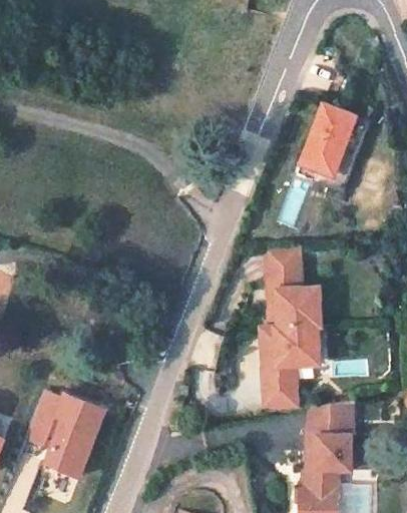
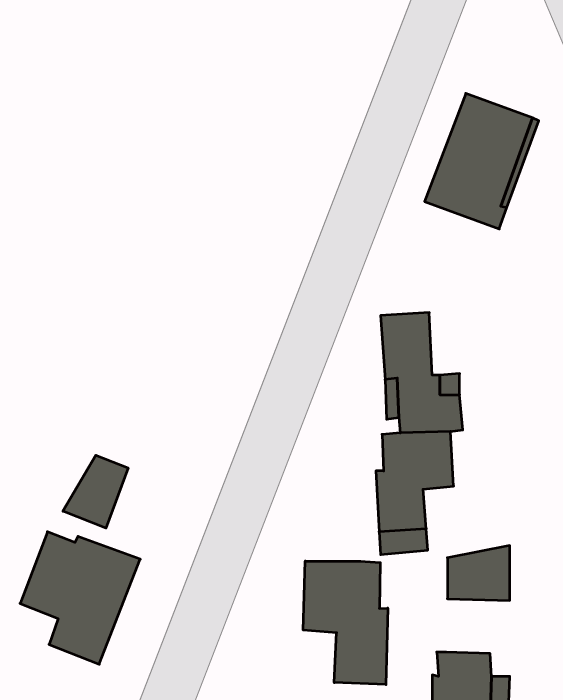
building: none -> [63,455,128,528]
building: none -> [303,561,388,685]
building: [308,436,350,472] -> none

